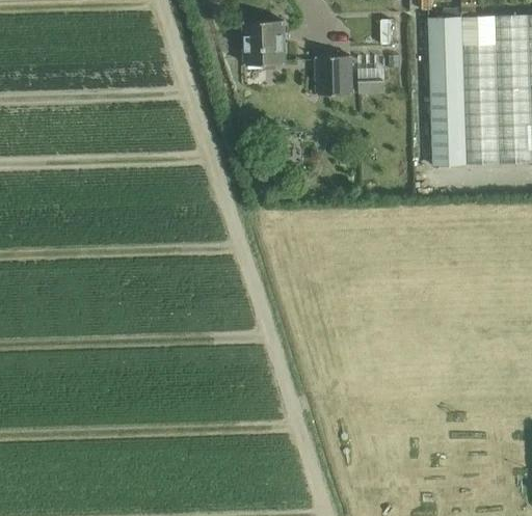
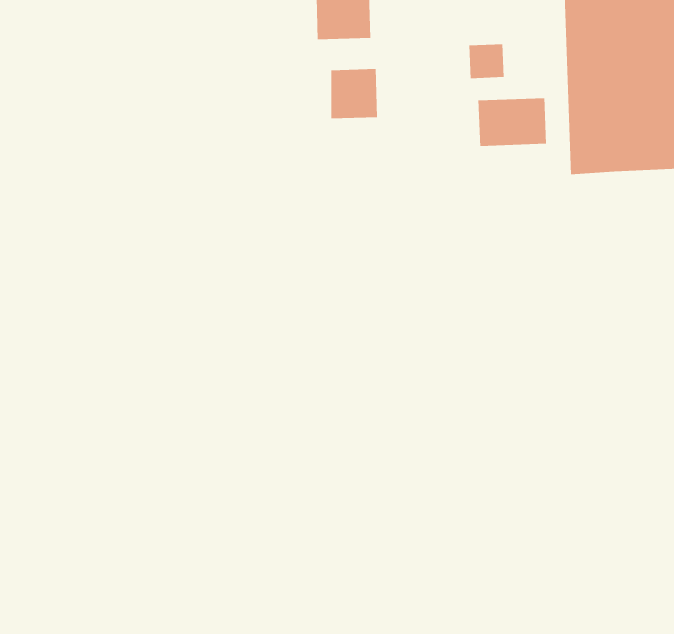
building: [317,57,352,94] -> [331,69,378,119]
building: none -> [478,97,547,147]

